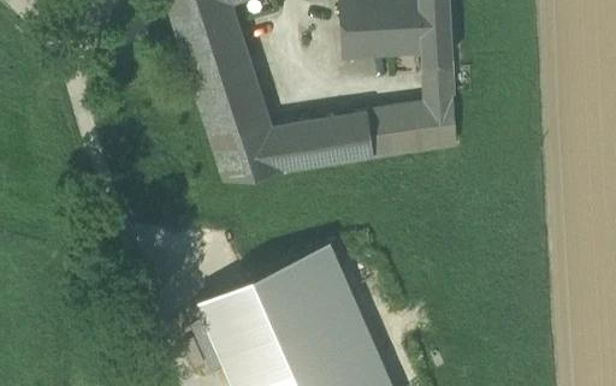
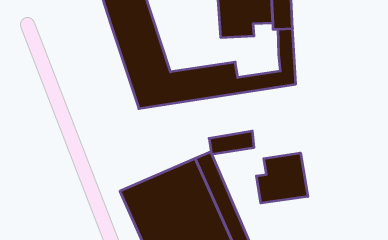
building: [367,101,433,135] -> [209,131,254,154]
building: none -> [256,153,308,203]

